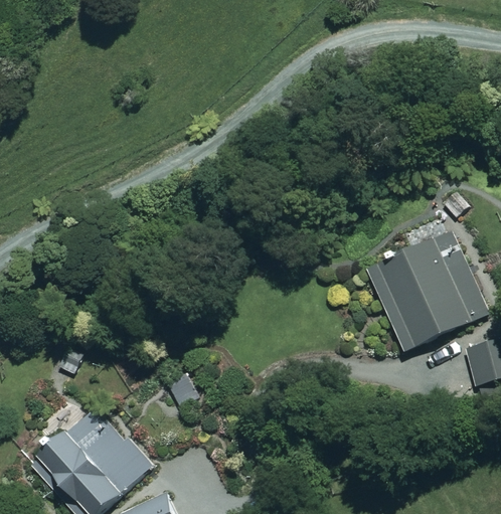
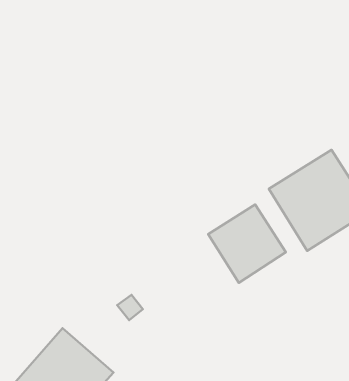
building: none -> [208,205,286,283]

